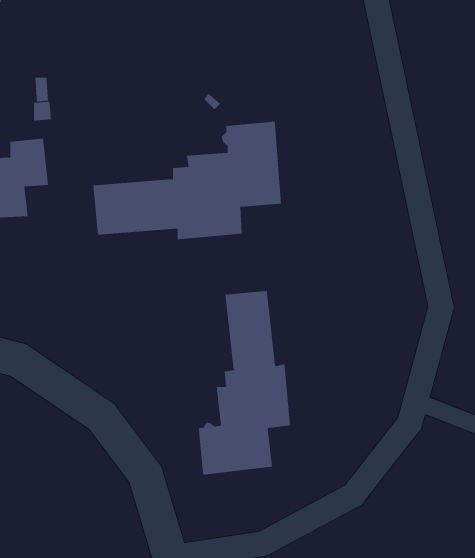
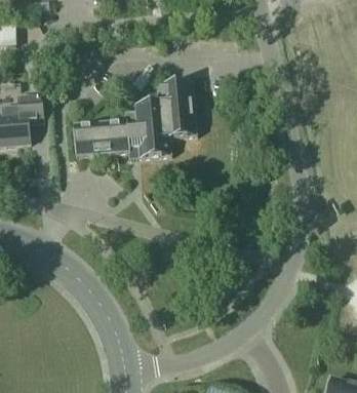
building: [198,290,291,475] -> none

